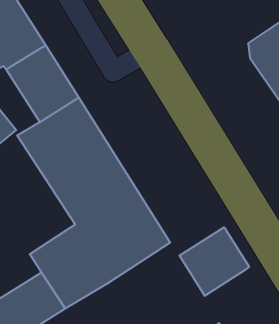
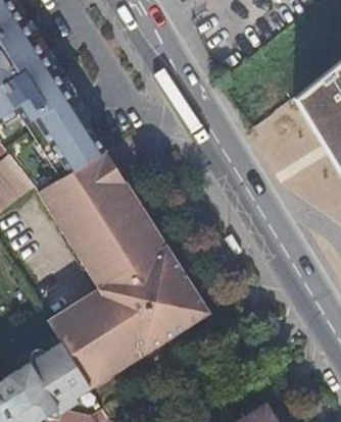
building: [180,227,249,296] -> none

